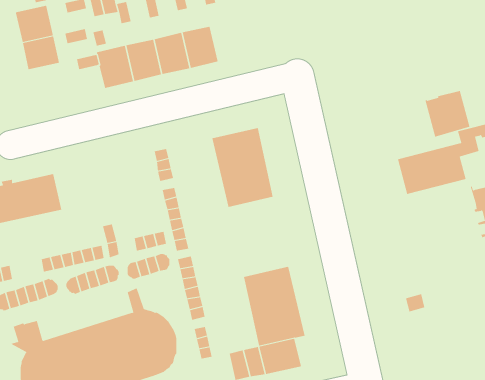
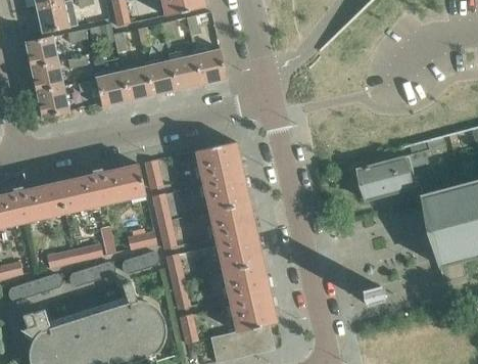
building: none -> [194,47,227,84]
building: none -> [36,85,69,118]
building: [425,90,470,137] -> none
building: none -> [58,163,146,213]
building: none -> [209,201,262,271]

